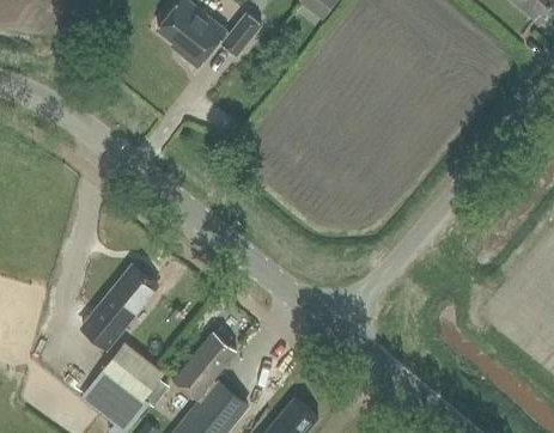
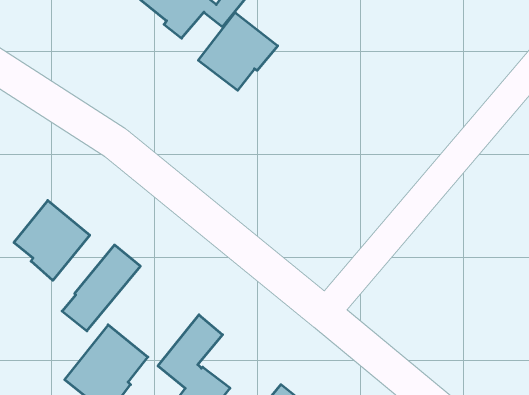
building: none -> [198,13,278,90]
building: none -> [14,200,90,280]

